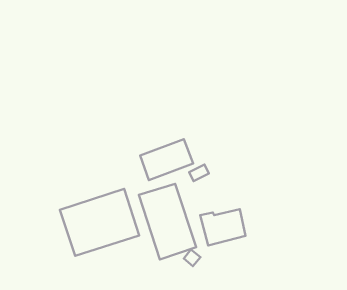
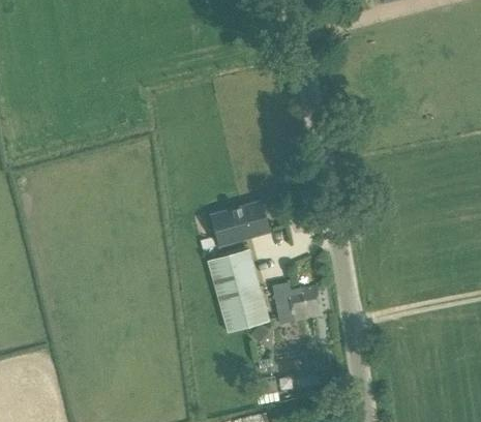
building: [60,189,139,256] -> none

